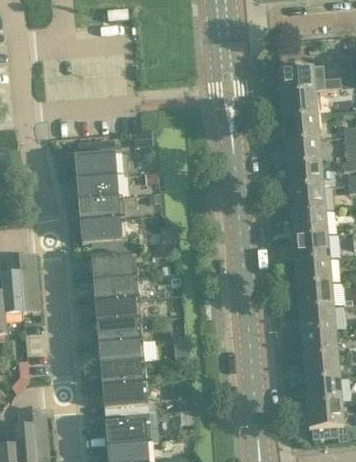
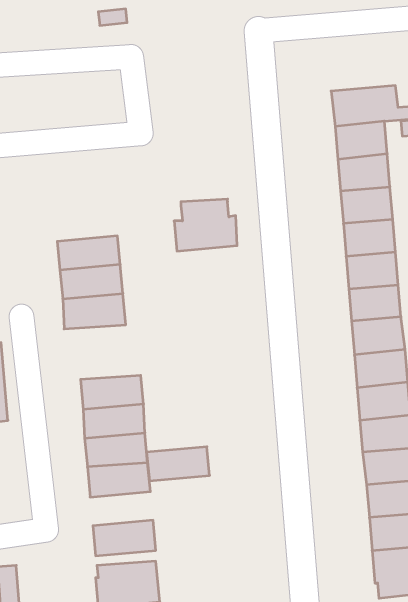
building: [74,140,120,178] -> [174,199,237,251]
building: [91,254,137,279] -> none
building: [100,361,146,386] -> [147,447,210,481]

